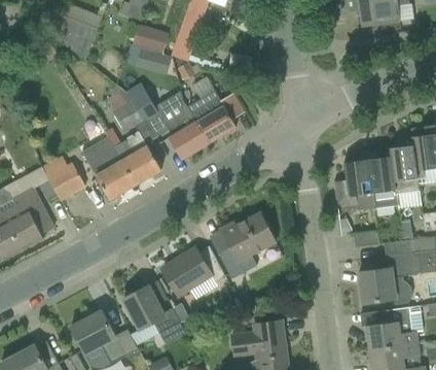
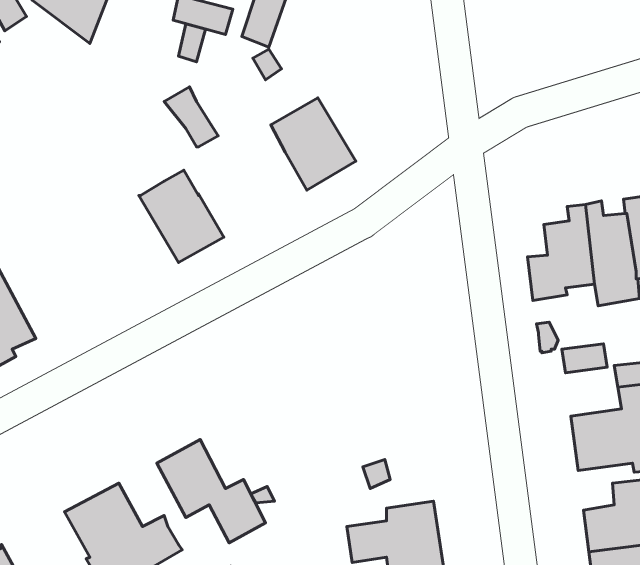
building: [108,90,146,132] -> none
building: [158,91,209,159] -> none
building: [82,136,136,200] -> none
building: [42,156,85,199] -> none
building: [219,212,276,279] -> none
building: [162,245,225,296] -> none

